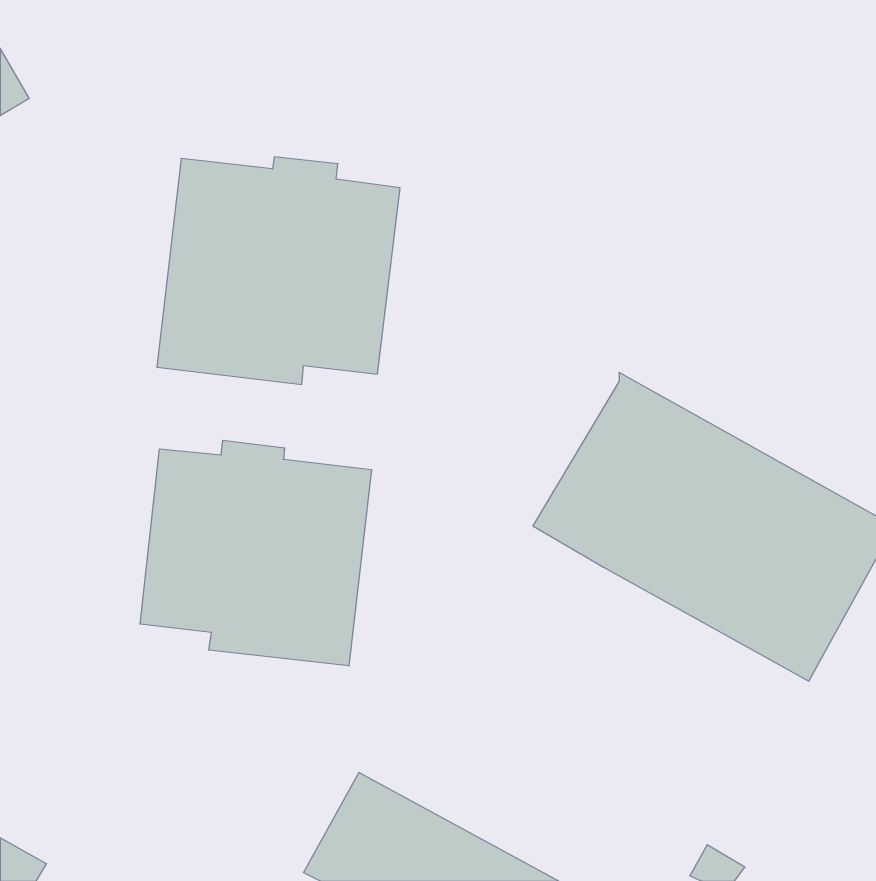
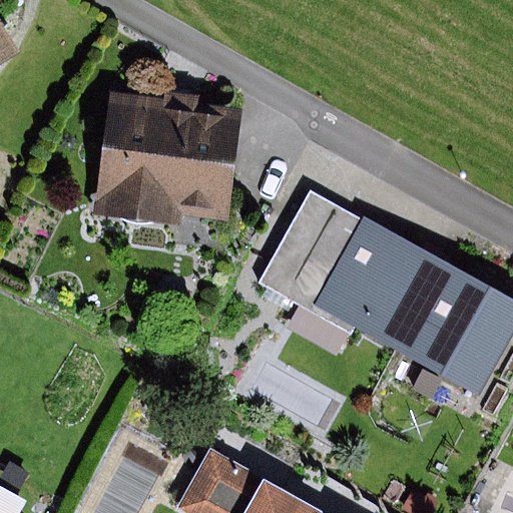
building: none -> [258,190,363,336]
building: [140,440,371,666] -> none

